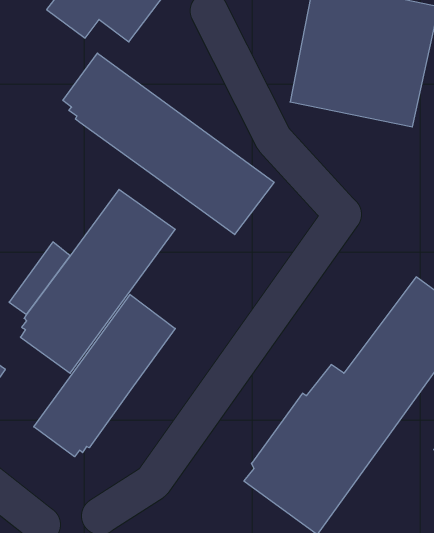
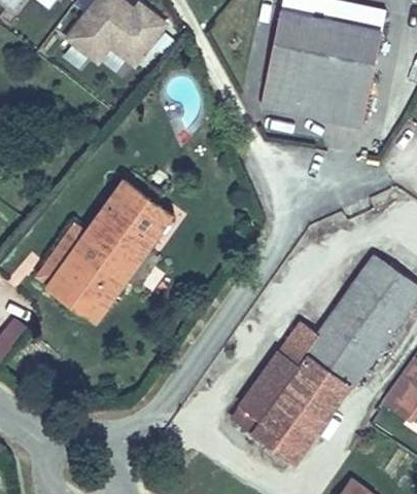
building: [63,53,274,235] -> none
building: [34,294,175,457] -> none

